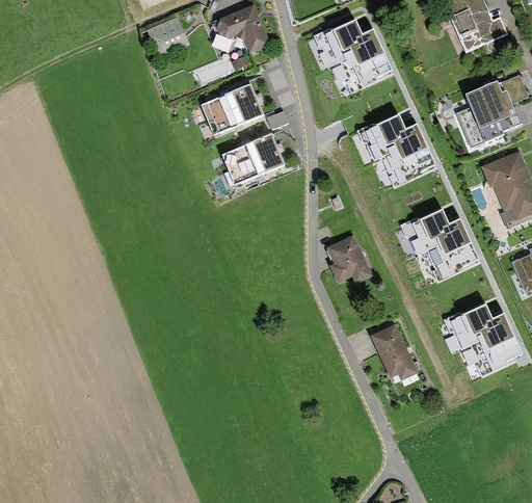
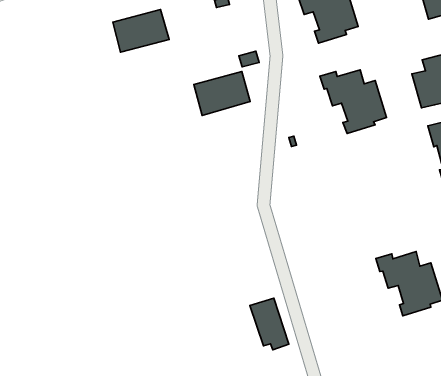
building: [201,83,264,135] -> [113,9,169,52]
building: [400,209,477,280] -> none
building: [326,234,373,283] -> none
building: [370,323,418,379] -> [250,298,289,350]

